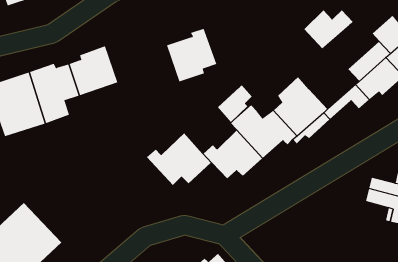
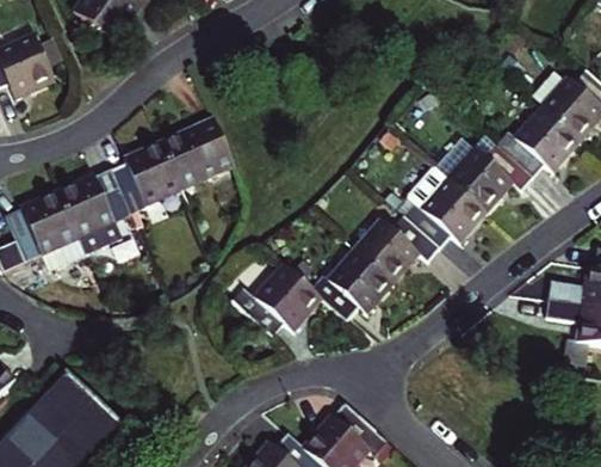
building: [303,9,354,49] -> [450,139,518,196]
building: [166,28,217,82] -> [163,111,236,189]
building: [217,84,253,123] -> none

